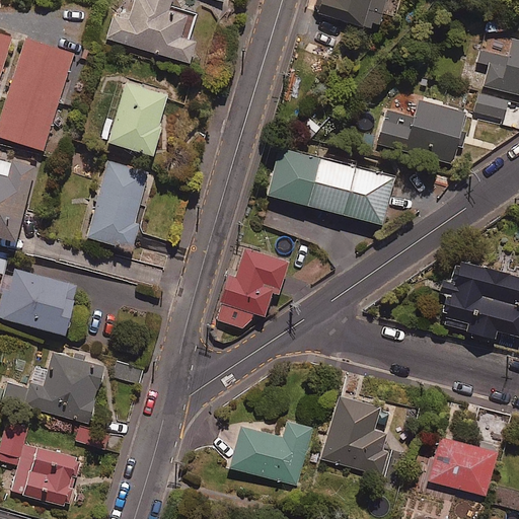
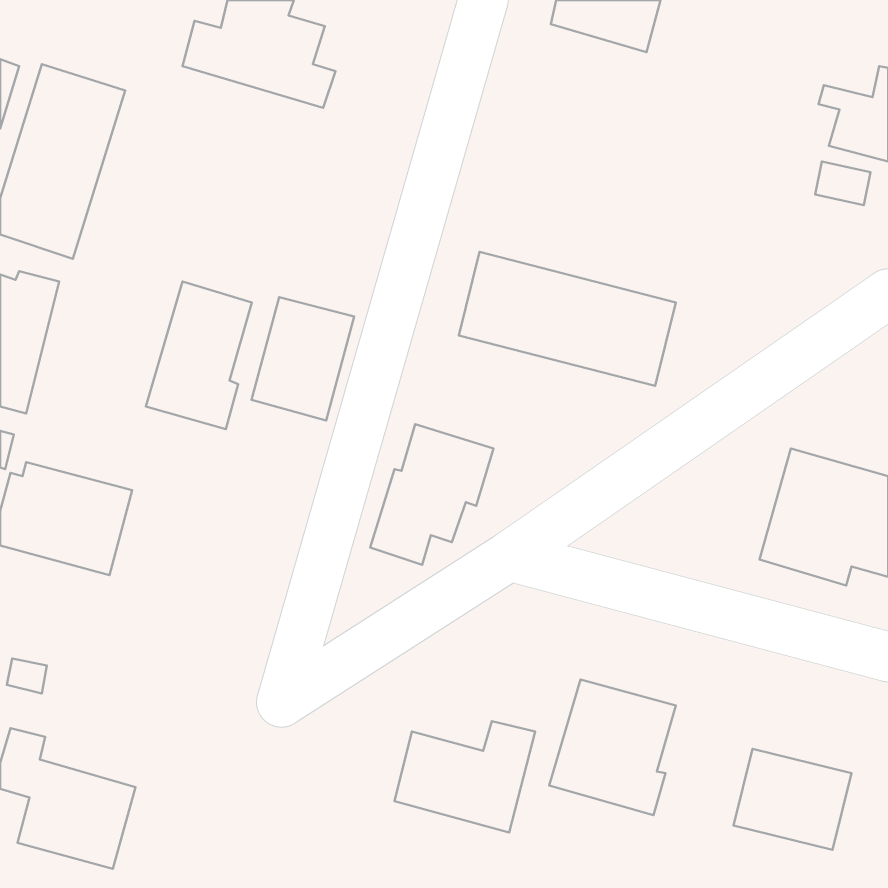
building: [108,83,168,155] -> [251,297,354,421]
building: [377,100,465,160] -> none
building: [26,354,103,423] -> none

